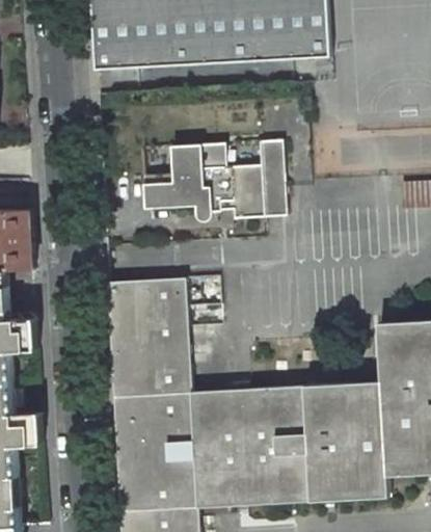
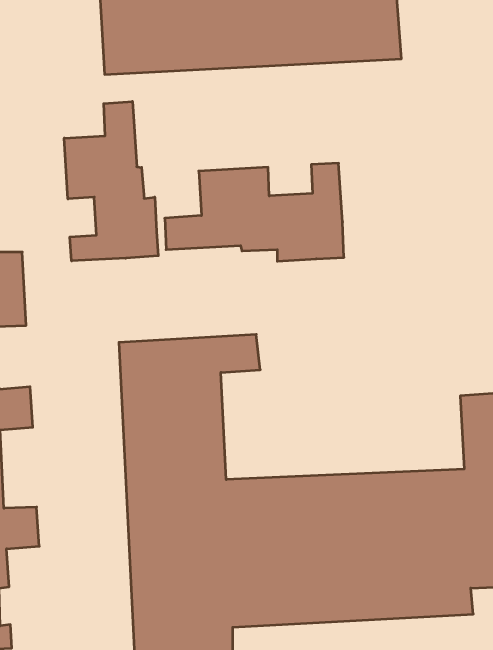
building: none -> [64,101,158,261]

